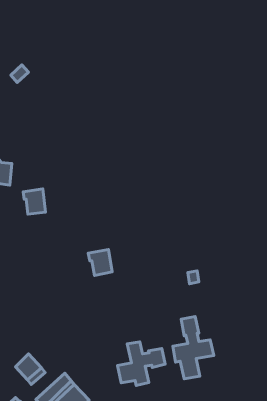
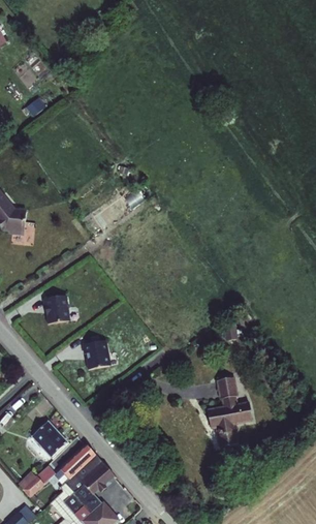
building: [23,189,46,214] -> [42,296,67,323]
building: [88,250,112,276] -> [81,341,107,370]
building: [117,342,165,386] -> none

